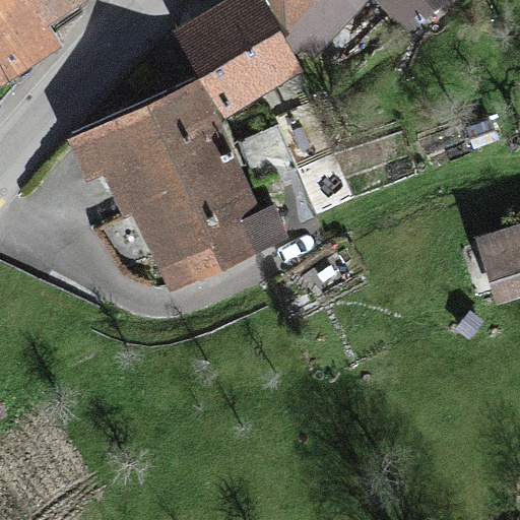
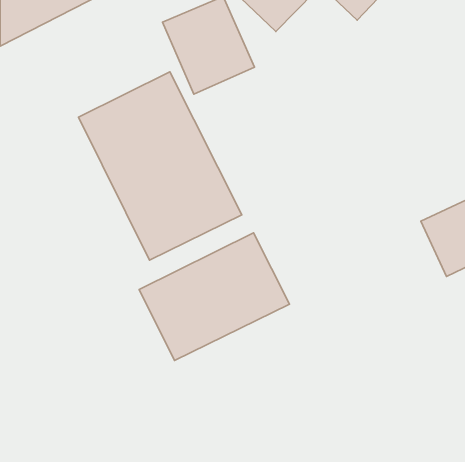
building: none -> [139,233,289,361]

